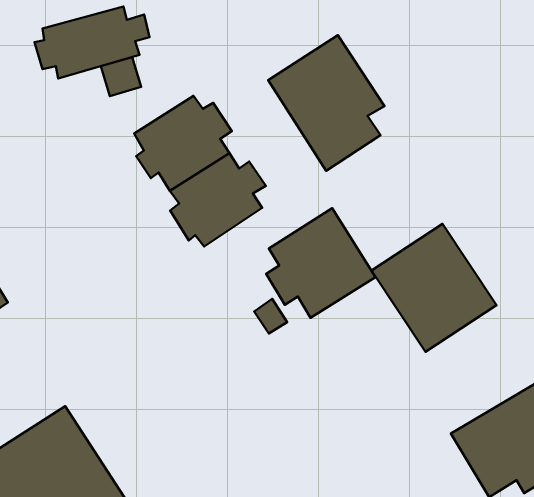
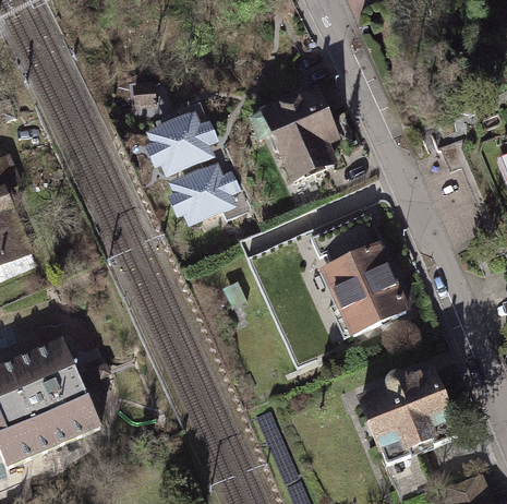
building: [35,7,150,79] -> none
building: [266,208,376,318] -> none

